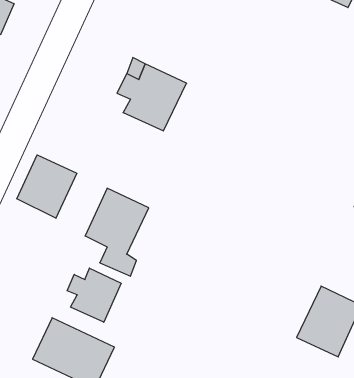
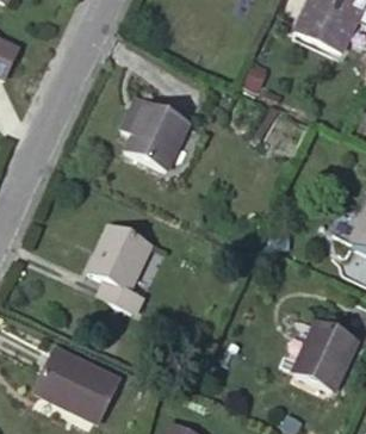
building: [17,155,77,218] -> none
building: [67,268,121,322] -> none

